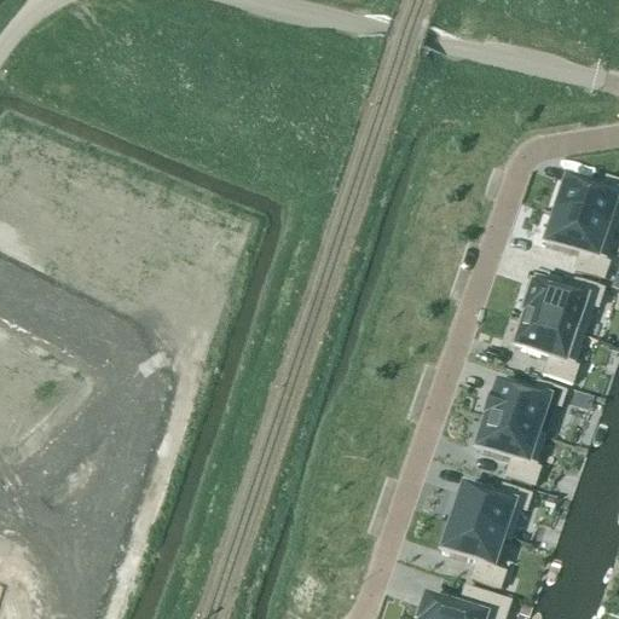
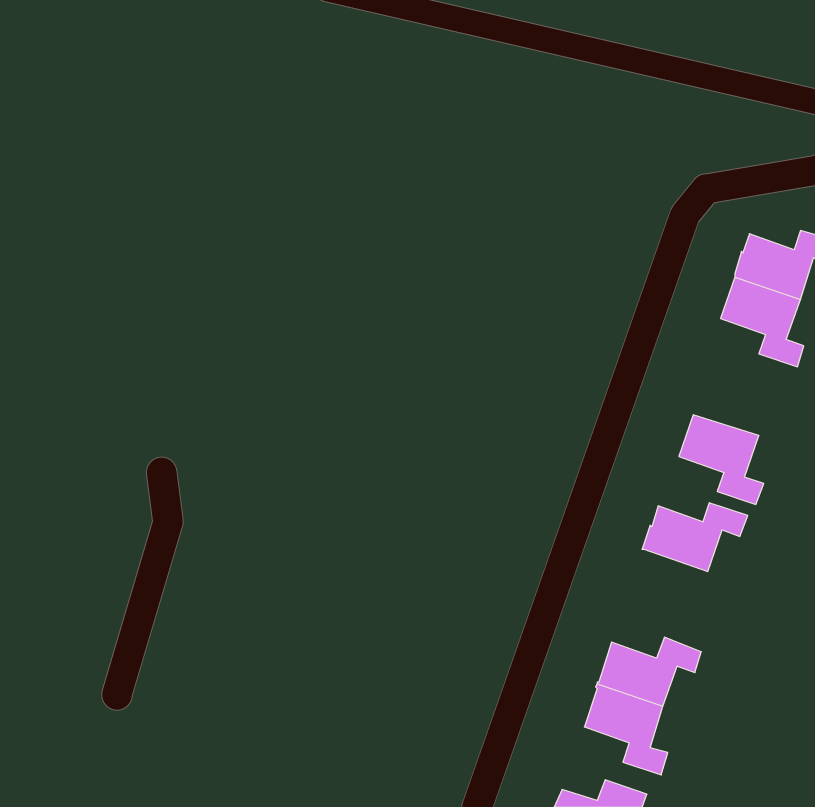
building: [523,277,604,329] -> none
building: [478,415,542,482] -> none

